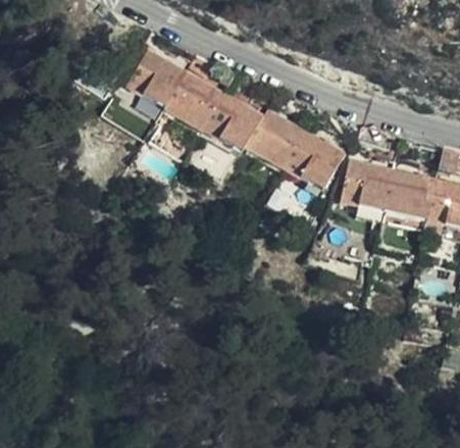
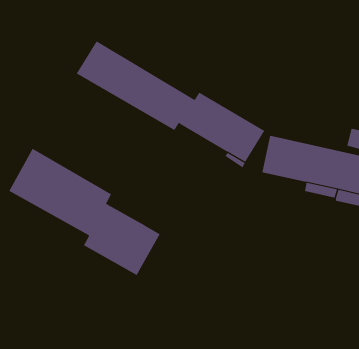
building: none -> [8,148,160,276]

